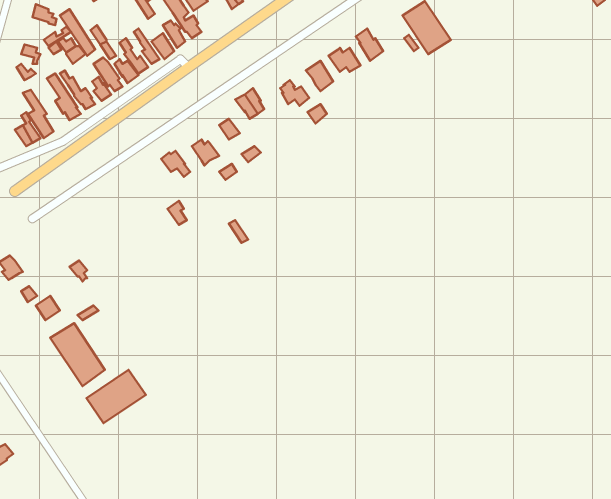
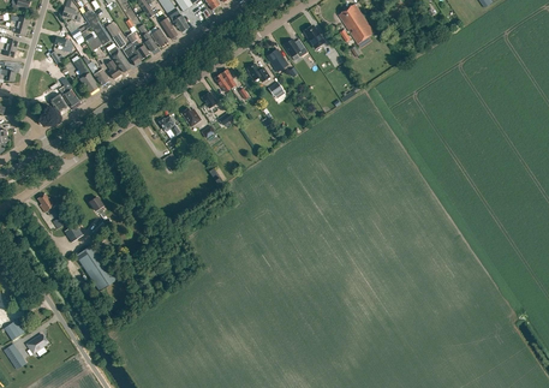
building: [86,370,146,423] -> none

